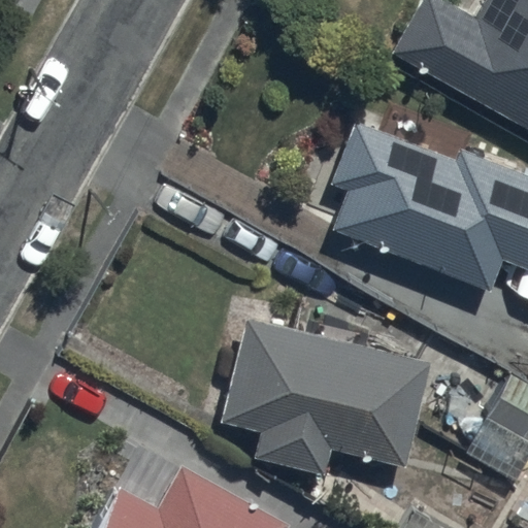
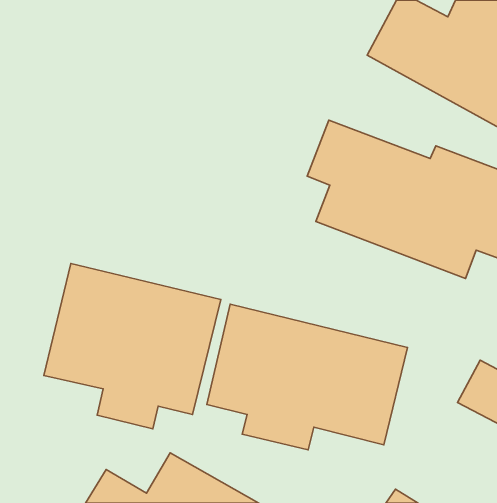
building: none -> [44,263,221,429]

